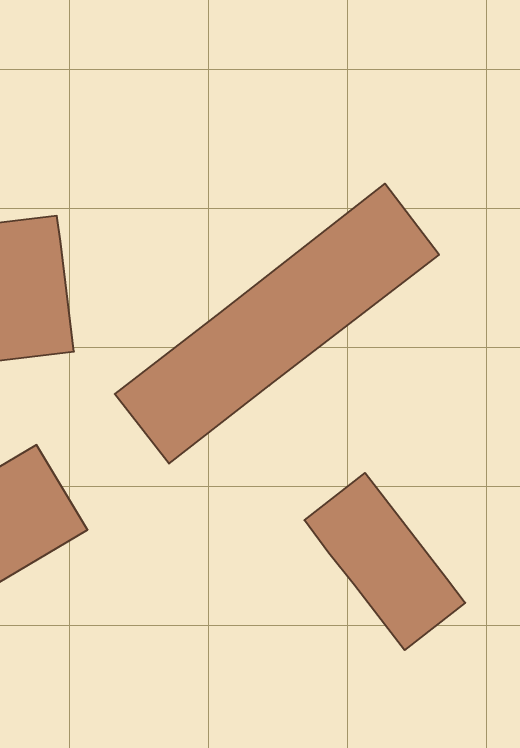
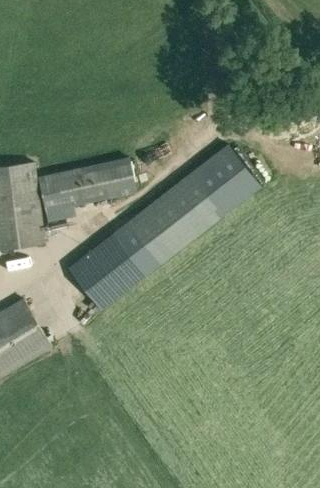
building: none -> [39,159,135,222]
building: [304,473,465,650] -> none

